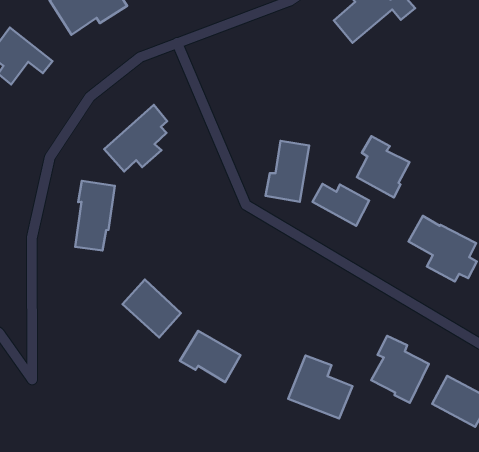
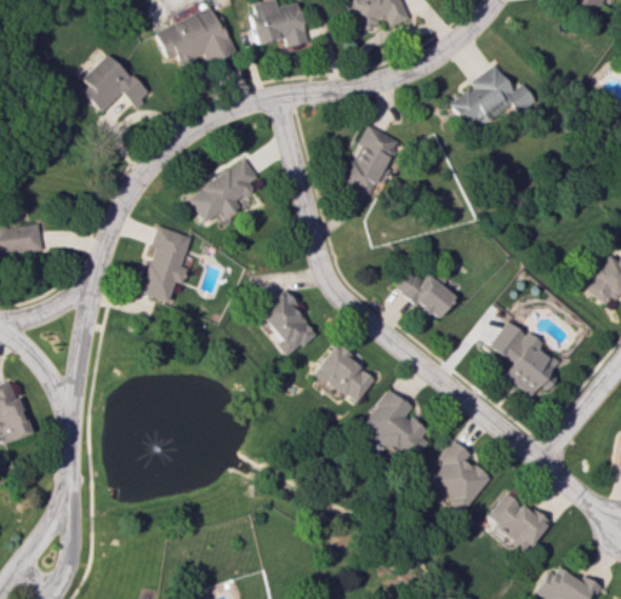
building: [357,136,409,198] -> none
building: [265,141,309,202] -> [341,126,395,193]
building: [122,279,181,338] -> [256,292,315,355]
building: [180,331,241,382] -> [312,346,376,404]
building: [288,355,352,418] -> [361,390,431,462]

